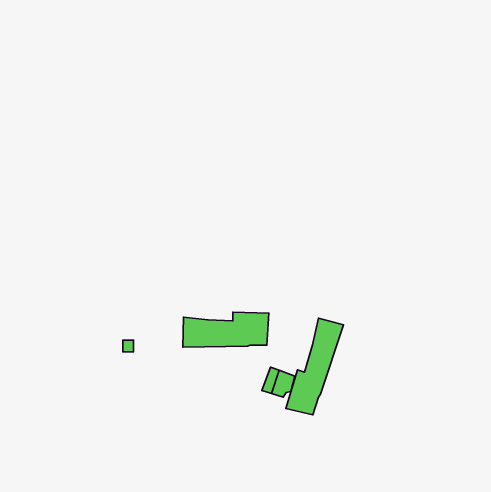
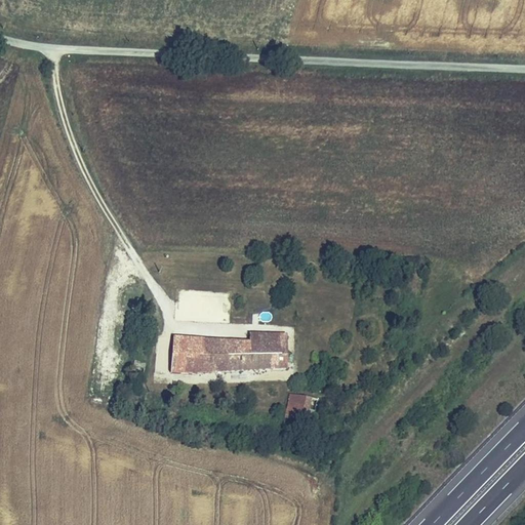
building: none -> [172,333,198,368]
building: [286,318,344,415] -> none

